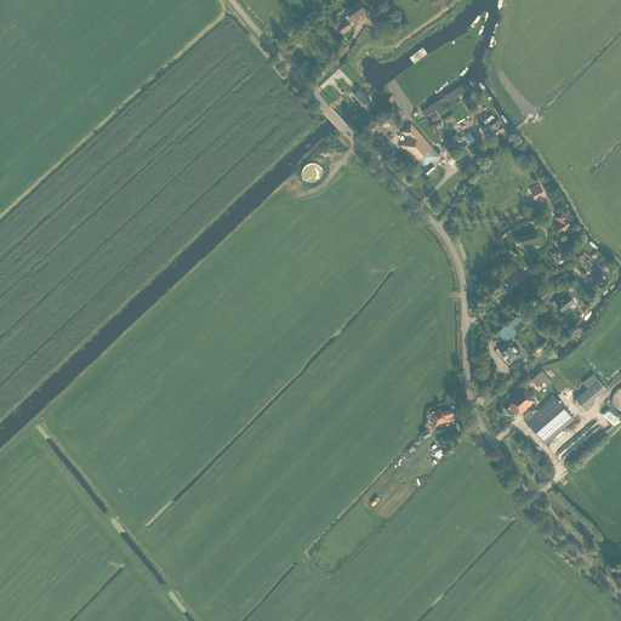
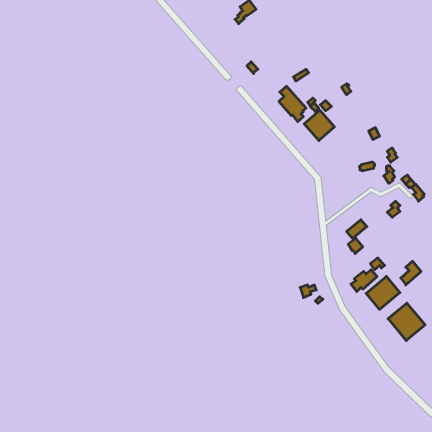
building: none -> [304,110,334,141]
building: none -> [388,303,425,341]

